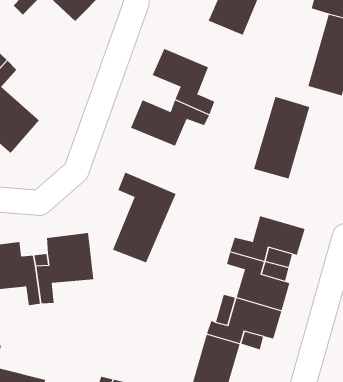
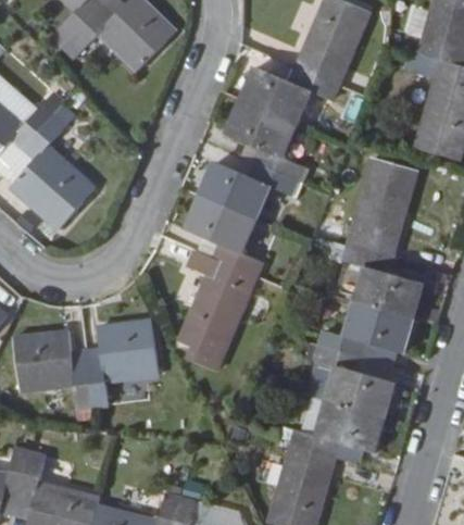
building: none -> [241,67,337,123]
building: none -> [187,196,262,275]
building: none -> [344,246,423,317]

